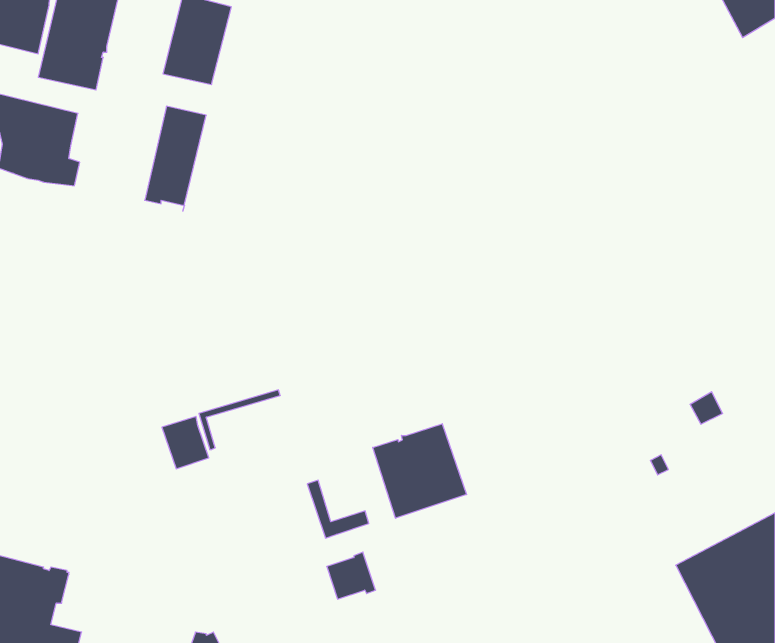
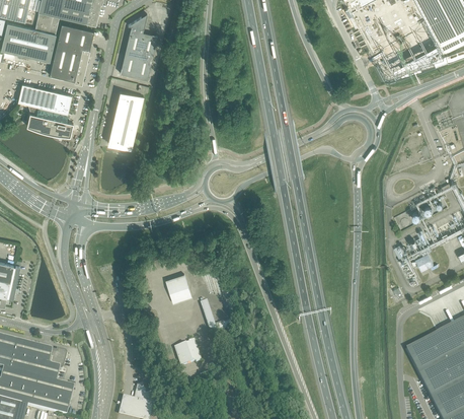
building: [162,416,209,469] -> [165,274,191,303]
building: [373,424,467,518] -> none
building: [327,552,376,599] -> [173,340,201,366]

